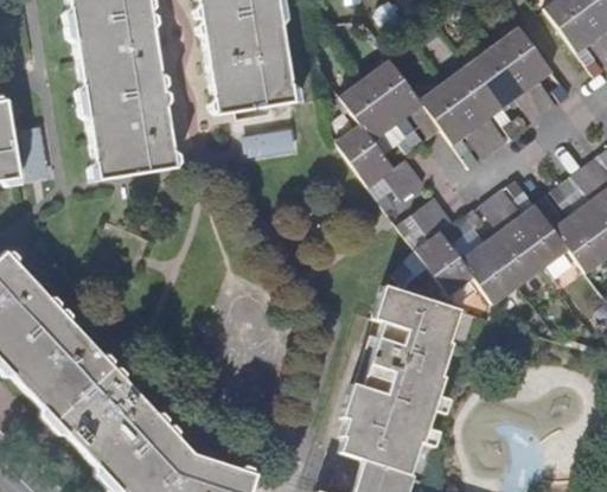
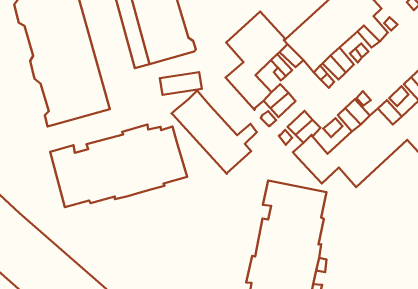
building: none -> [171,90,257,174]
building: none -> [50,124,187,207]

